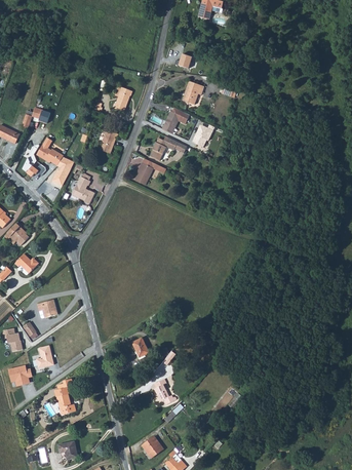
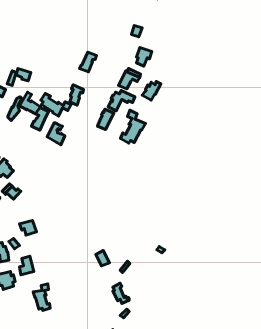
building: none -> [41,94,71,116]
building: none -> [121,110,145,143]

